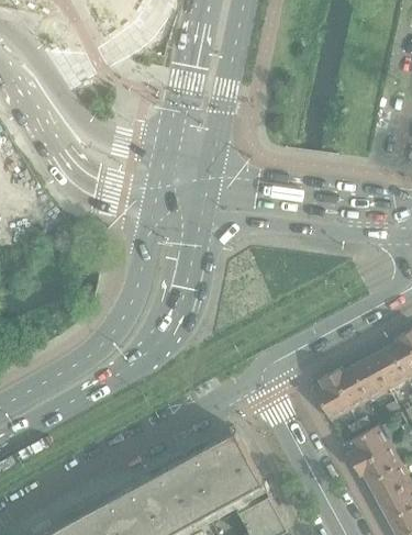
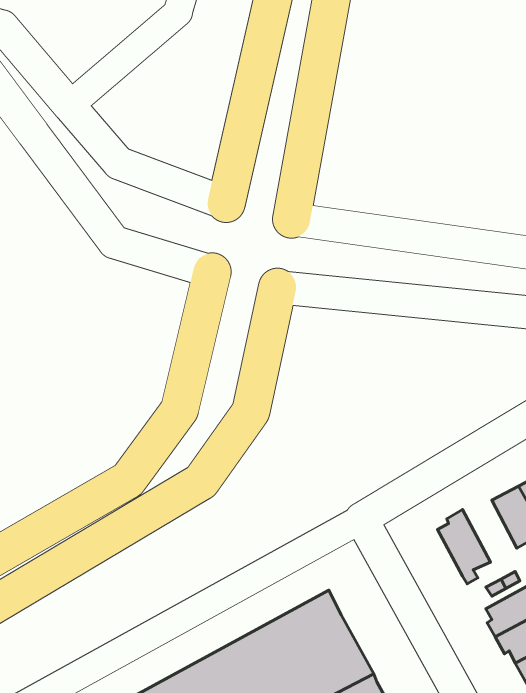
building: [331,369,369,413] -> none

